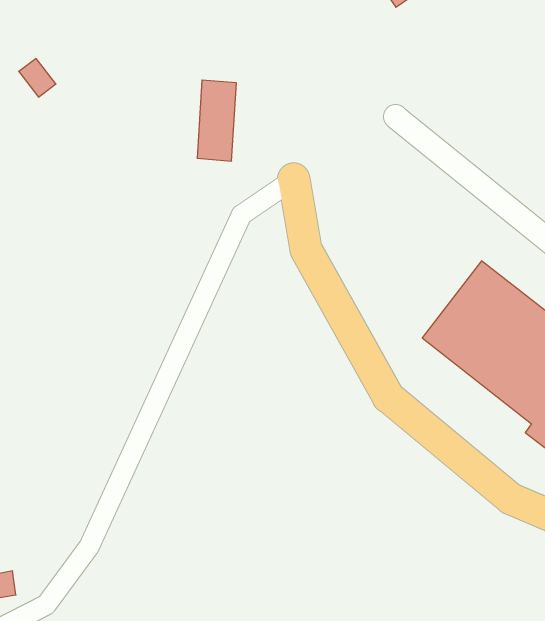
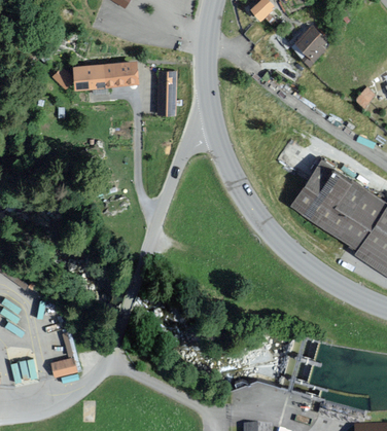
building: none -> [290,29,325,63]
building: none -> [74,60,139,89]

